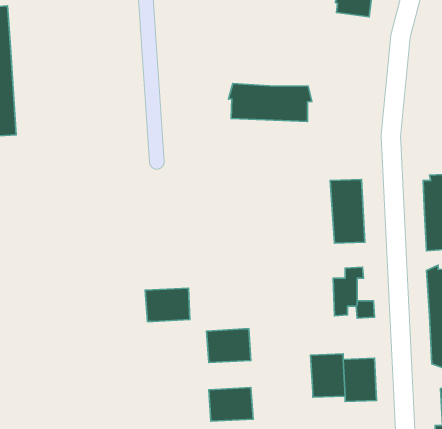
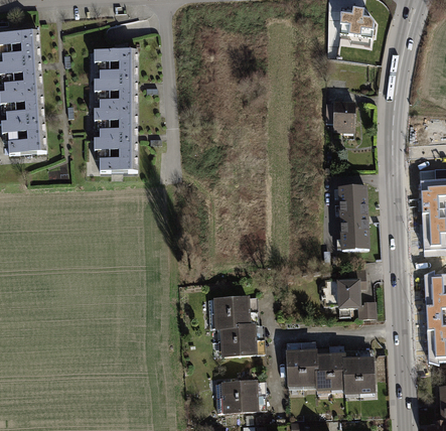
building: none -> [93,46,138,168]
building: [228,84,312,121] -> none
building: none -> [325,103,354,130]
building: [145,288,190,322] -> [212,299,254,330]
building: none -> [287,347,318,389]

